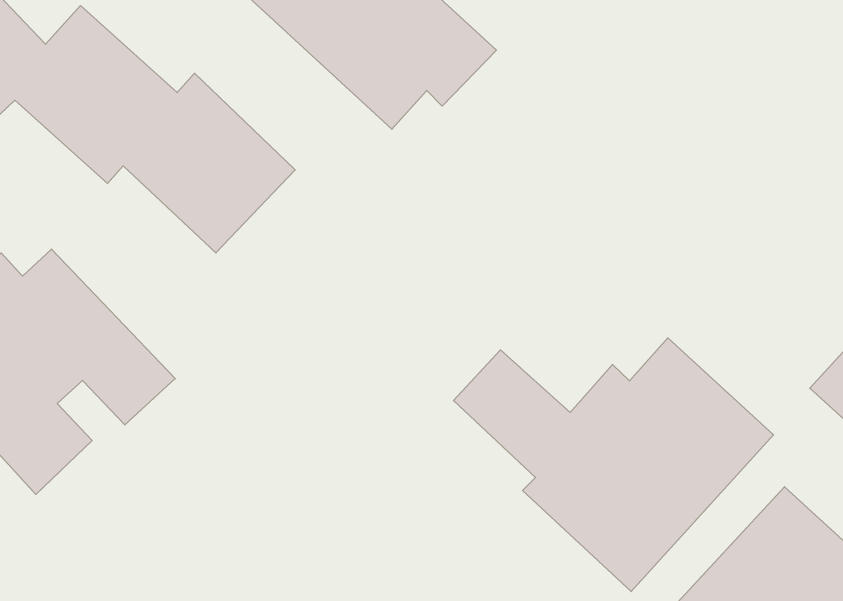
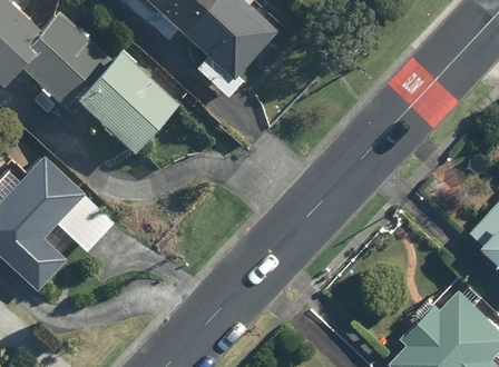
building: [453,338,774,592] -> none

